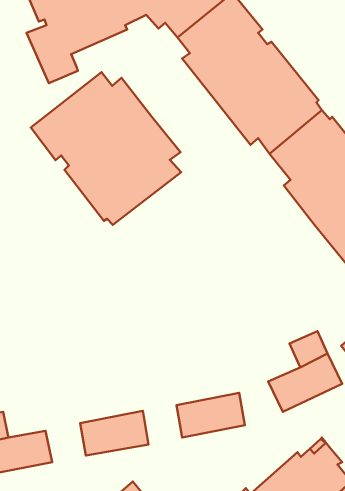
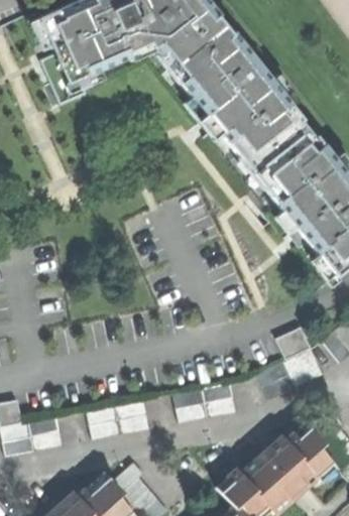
building: [31,72,181,225] -> none

